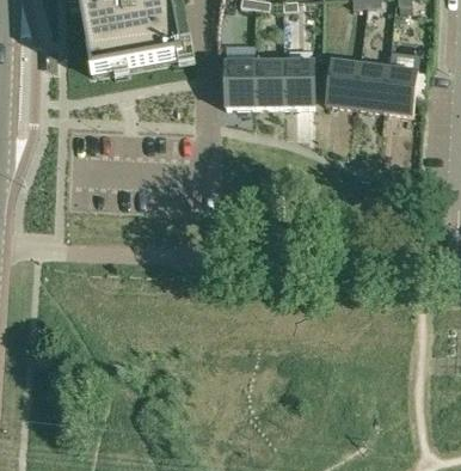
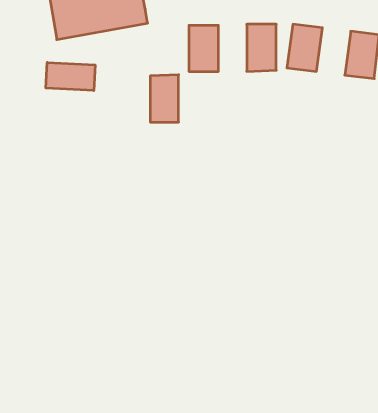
building: [254,59,283,106] -> [150,75,179,122]
building: [354,62,388,110] -> none
building: none -> [46,62,95,91]

